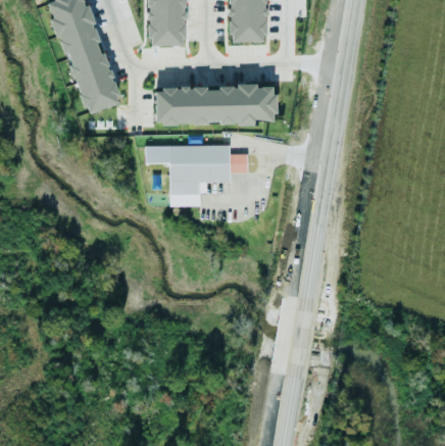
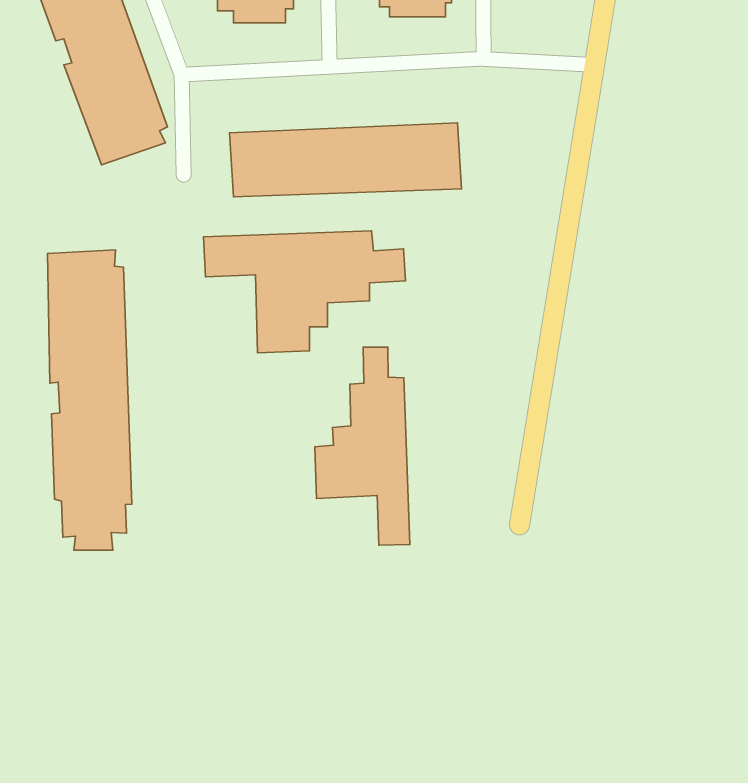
building: none -> [47,250,132,550]
building: none -> [315,347,410,545]

